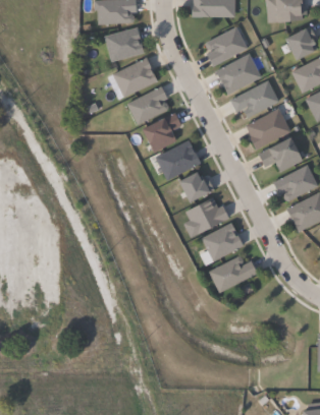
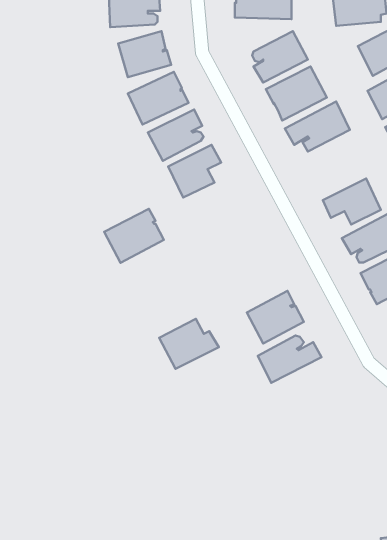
building: [247,108,291,150] -> none
building: [156,139,201,180] -> [104,209,164,263]
building: [178,172,215,203] -> none
building: [185,196,230,234] -> [159,319,219,369]

